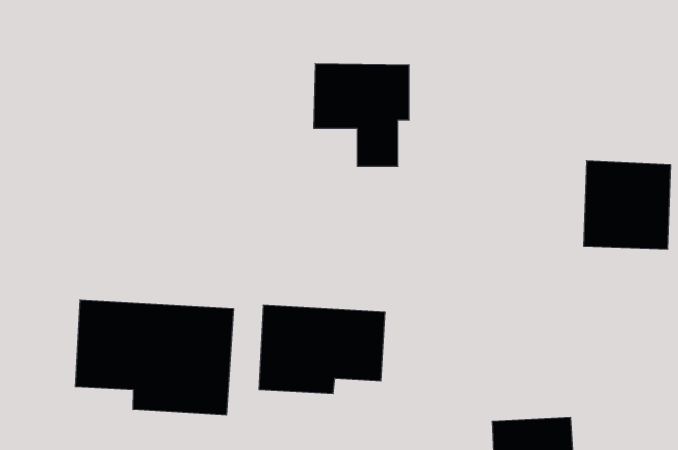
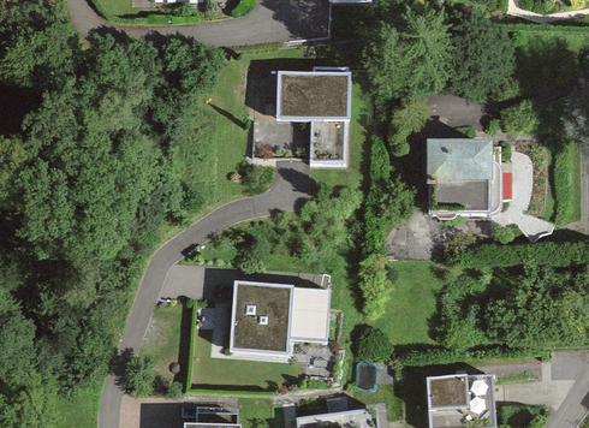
building: [584,161,671,249] -> [426,135,500,210]
building: [75,300,233,415] -> none

